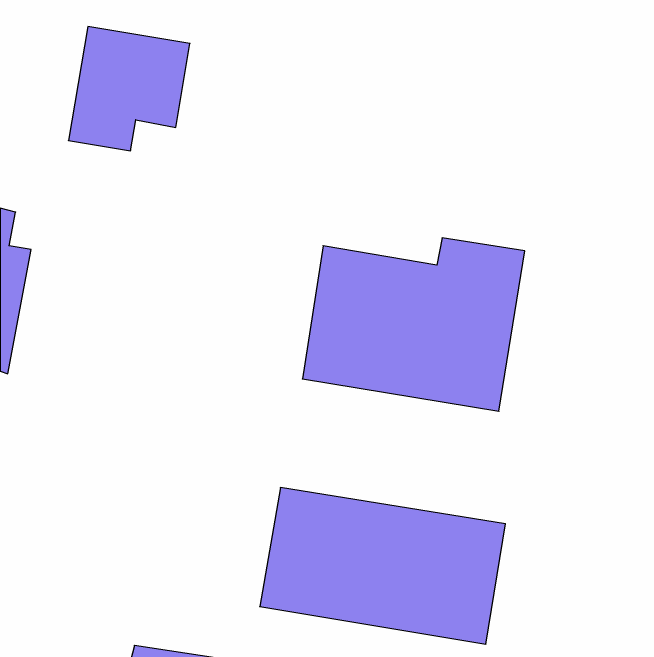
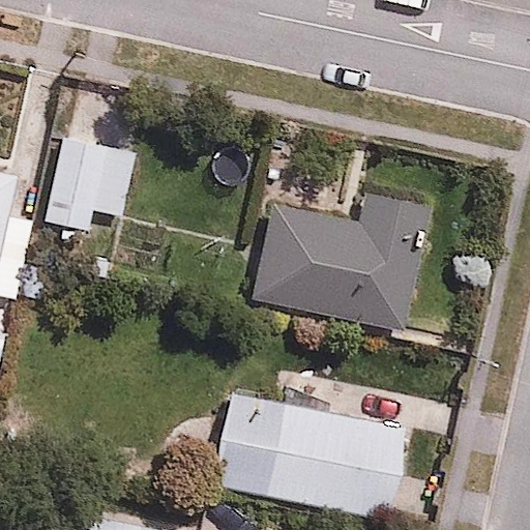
building: [68,27,190,151] -> [40,137,138,236]

